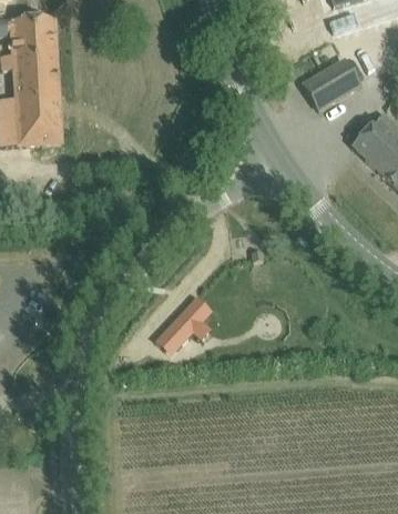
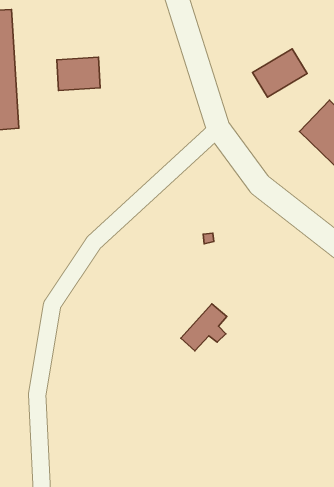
building: none -> [57,57,100,91]
building: [163,298,211,346] -> [181,304,227,351]

